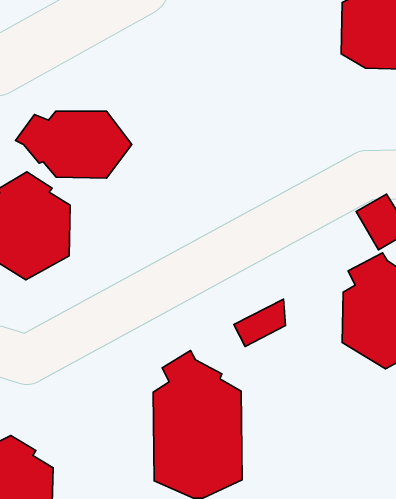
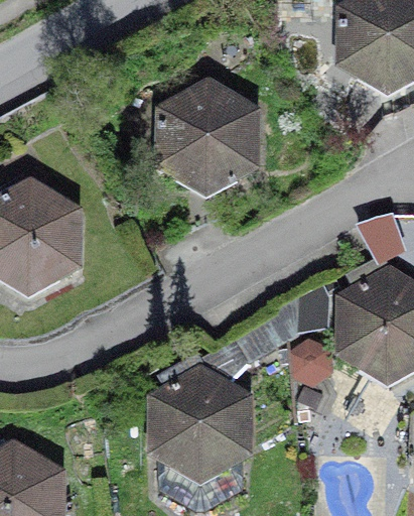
building: none -> [164,85,252,181]
building: [16,111,132,178] -> none

